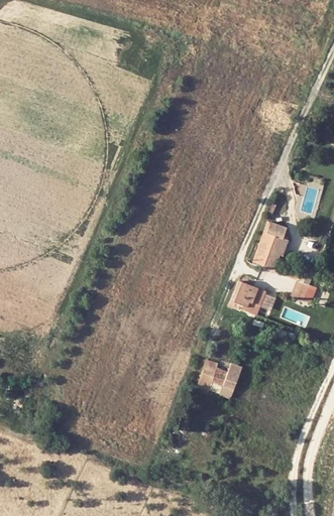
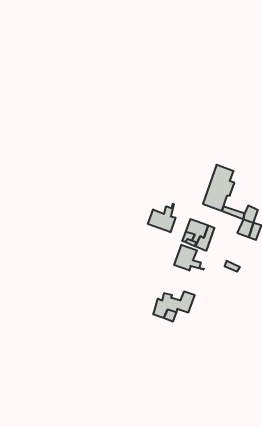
building: none -> [148,204,176,232]
building: none -> [174,245,204,271]

